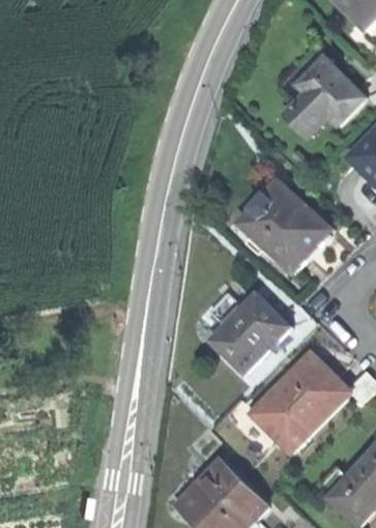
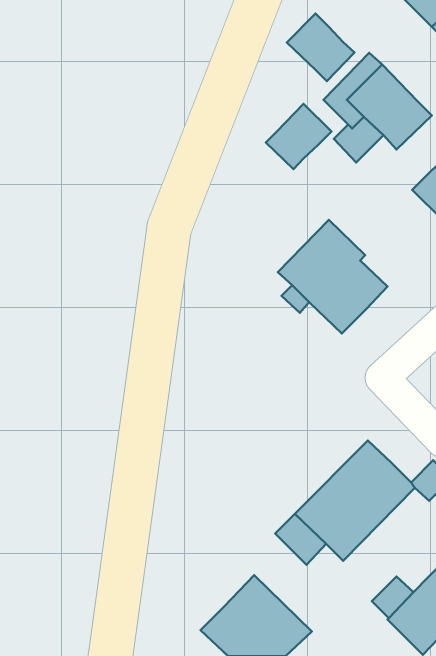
building: none -> [287,13,355,81]
building: none -> [266,104,331,169]
building: [211,293,290,373] -> none

